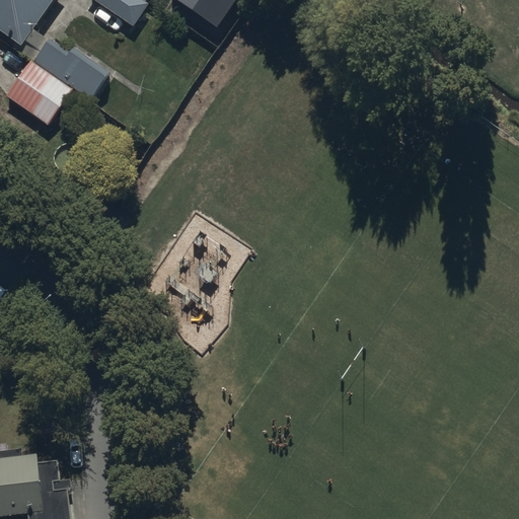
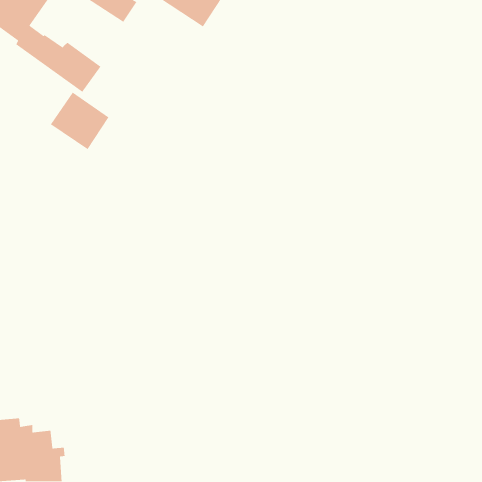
building: [6,61,70,124] -> [50,91,110,150]

